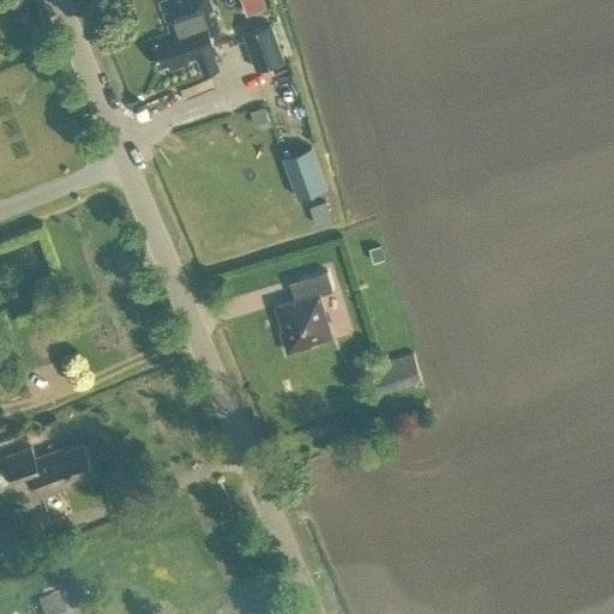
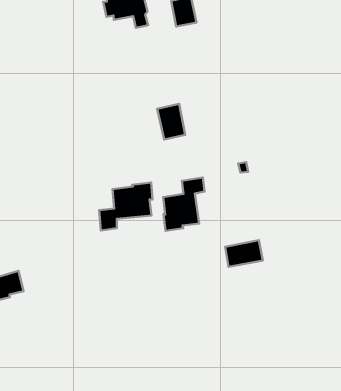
building: [283,146,327,199] -> [157,104,185,140]
building: none -> [99,183,152,230]

